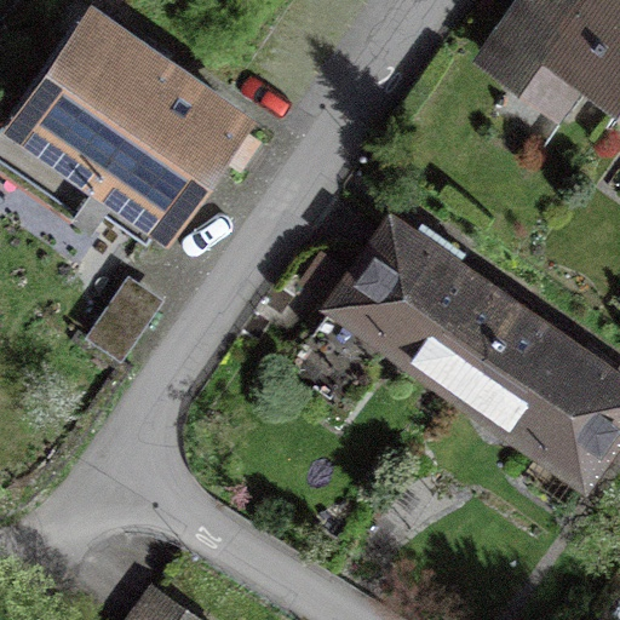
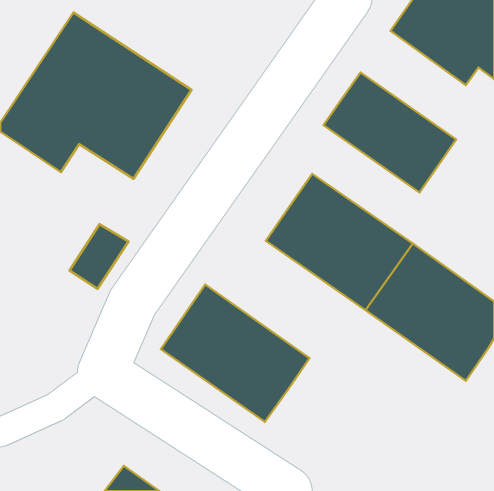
building: none -> [324,73,456,193]
building: none -> [161,285,310,422]

